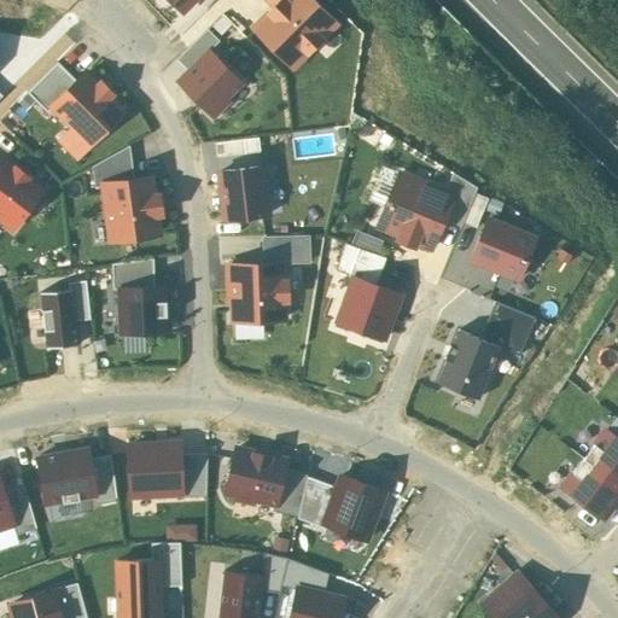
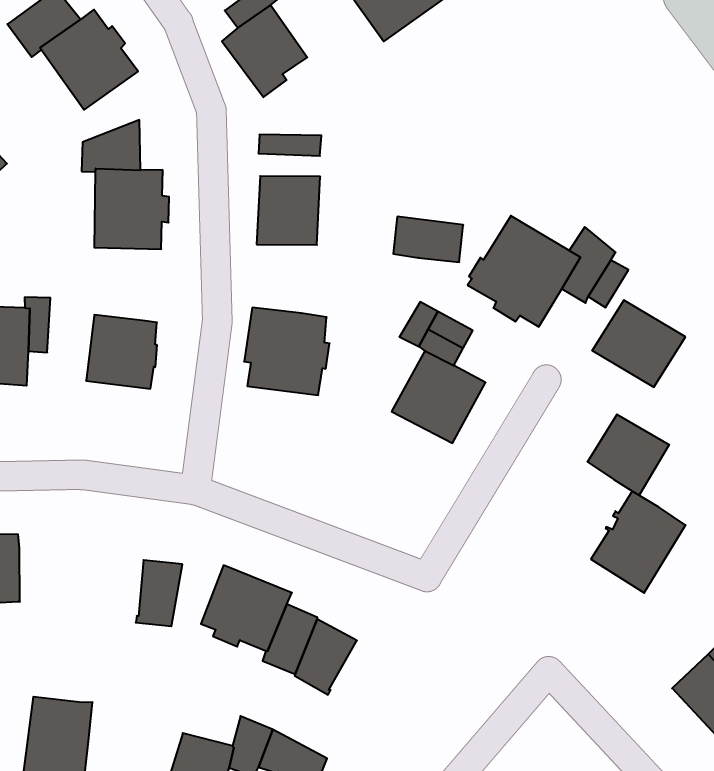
building: [262,237,310,264] -> [393,217,463,262]
building: [111,258,154,290] -> none
building: [437,330,500,400] -> [591,491,686,593]
building: [128,444,181,496] -> none
building: [91,456,117,502] -> none
building: [322,476,384,541] -> none
building: [151,542,181,587] -> none

